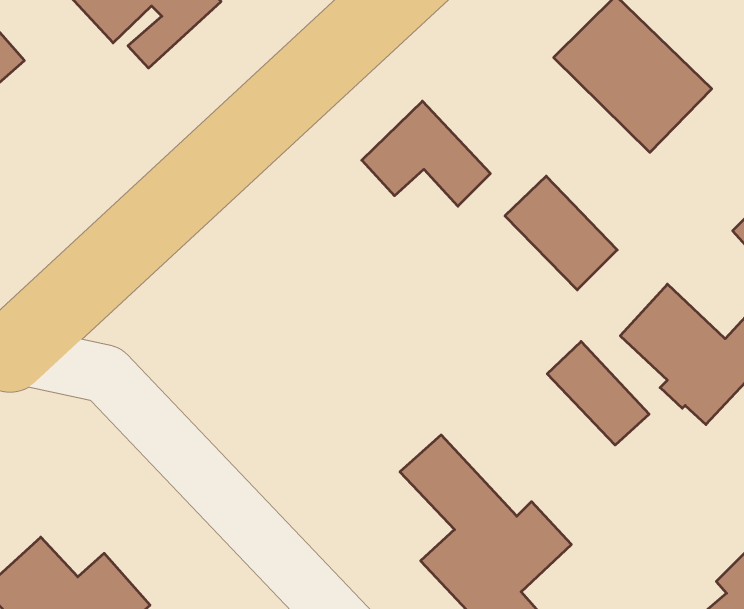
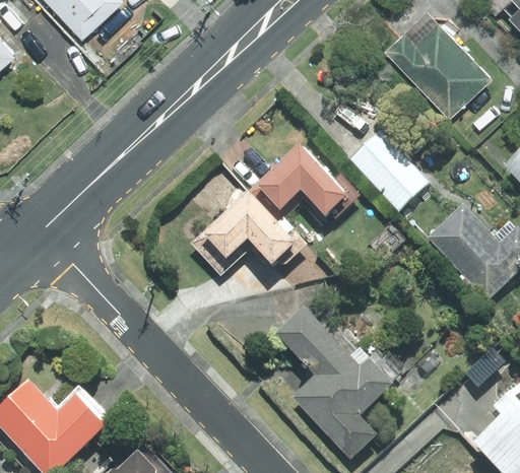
building: [362,101,490,206] -> [260,146,348,218]
building: none -> [190,193,296,275]
building: [547,341,649,445] -> none

